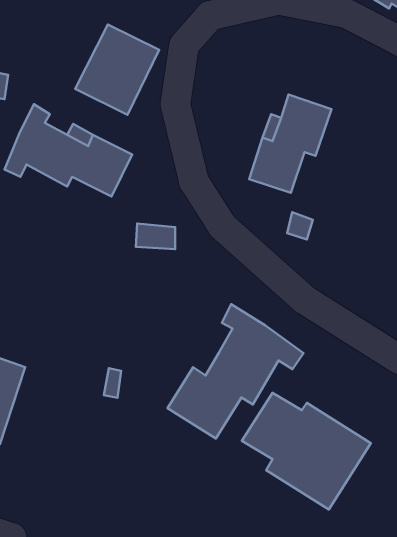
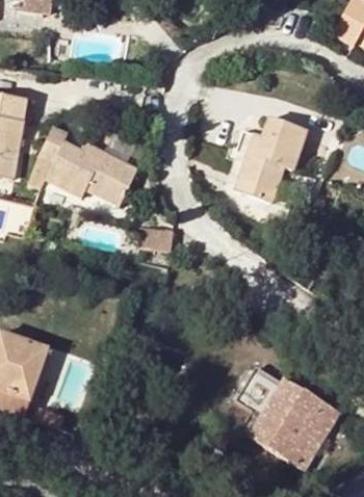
building: [75,25,159,115] -> none
building: [167,304,304,438] -> none

